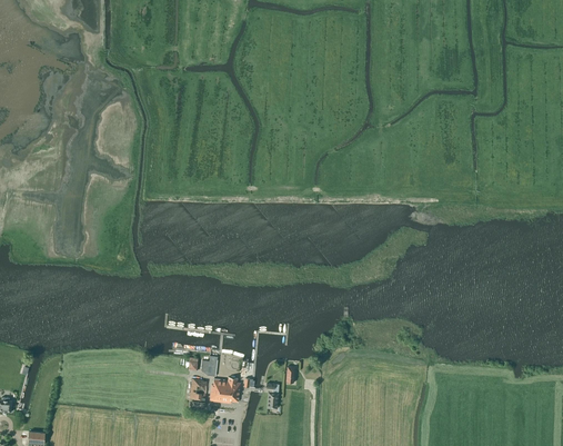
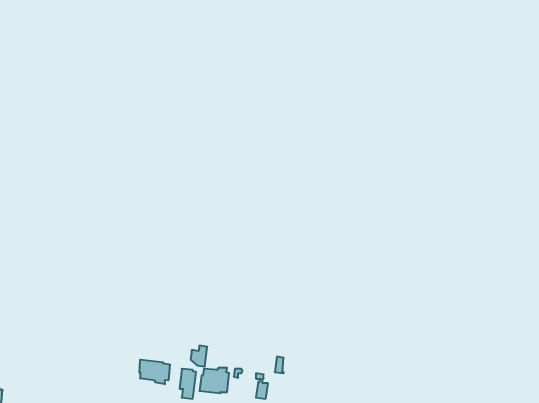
building: none -> [139,360,170,384]

